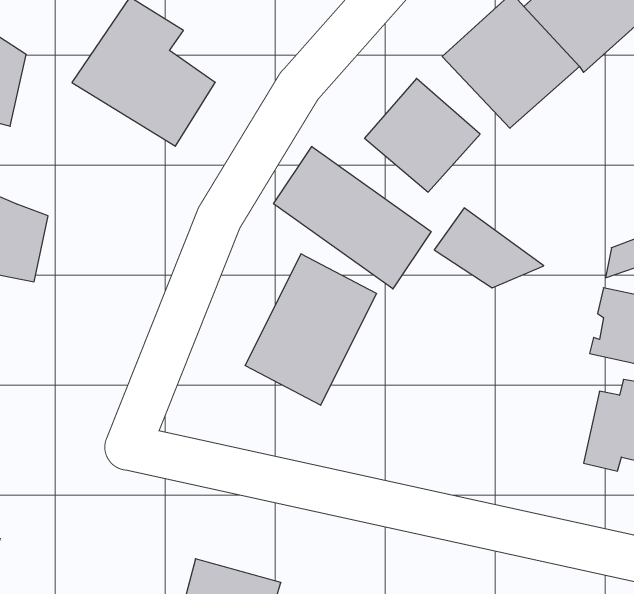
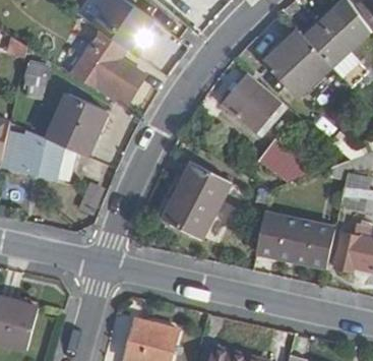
building: none -> [45,94,104,155]
building: [274,146,431,289] -> none
building: none -> [255,216,333,269]

